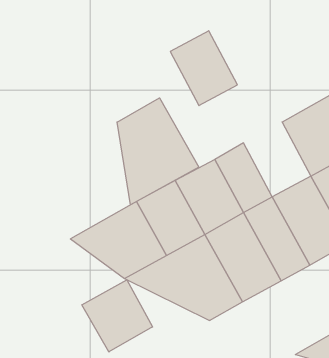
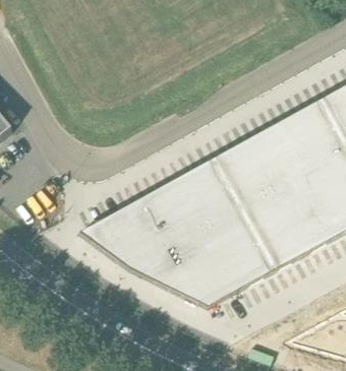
building: [170,31,237,106] -> [239,124,301,193]
building: [117,98,199,205] -> none
building: [82,280,153,352] -> none

